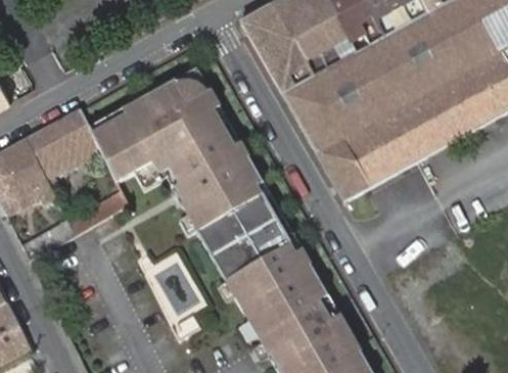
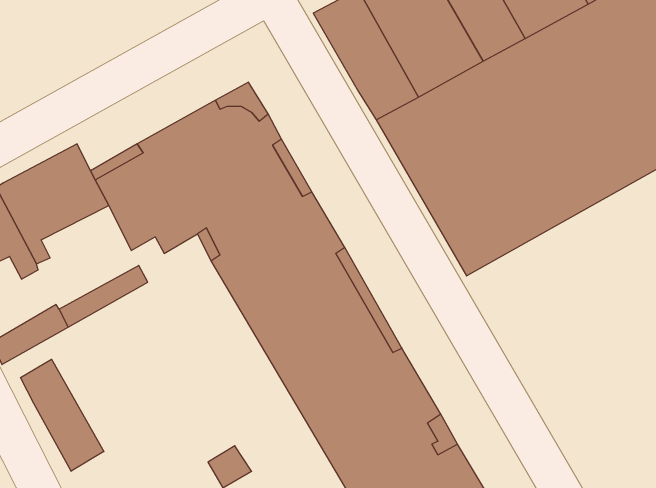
building: none -> [21,359,104,471]

